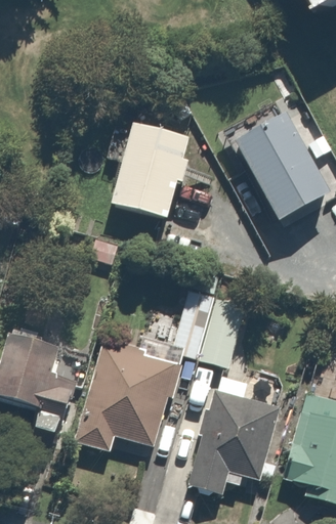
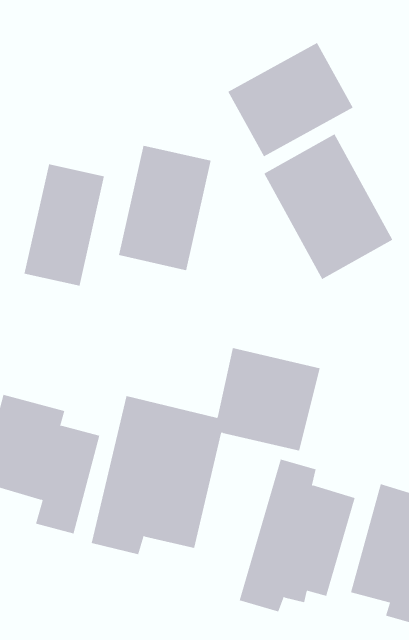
building: none -> [227,42,353,157]
building: none -> [24,163,105,286]

